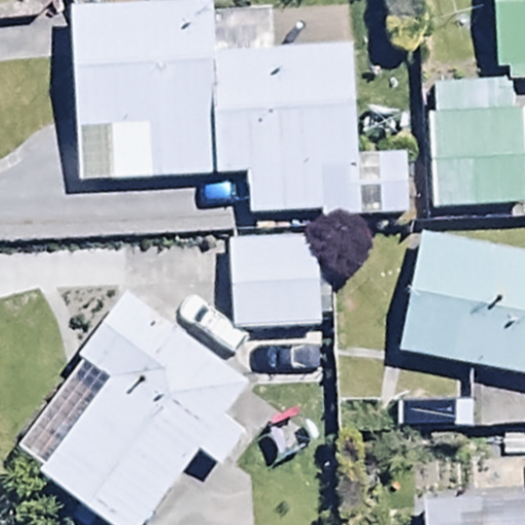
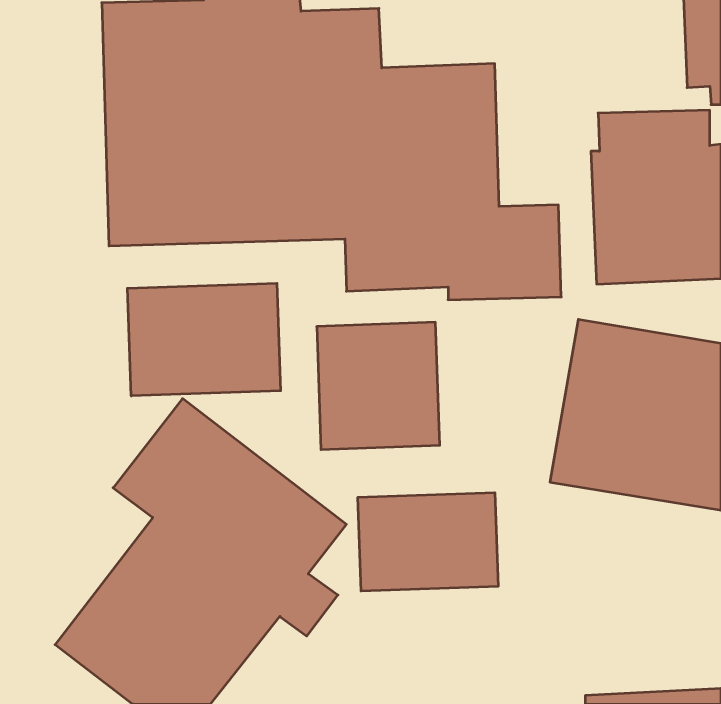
building: none -> [127,283,281,396]
building: none -> [358,493,498,591]

